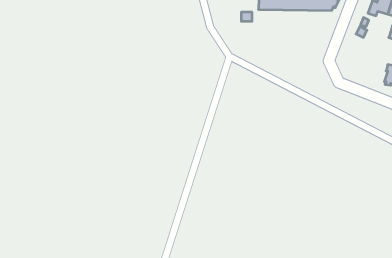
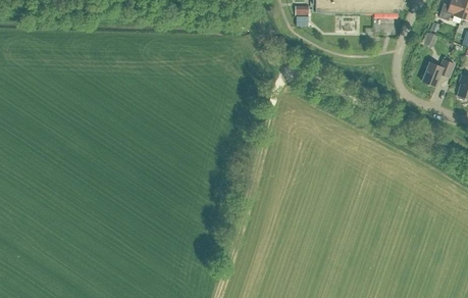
building: none -> [421,58,454,85]

